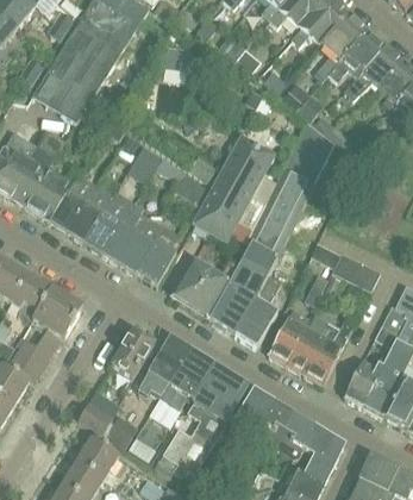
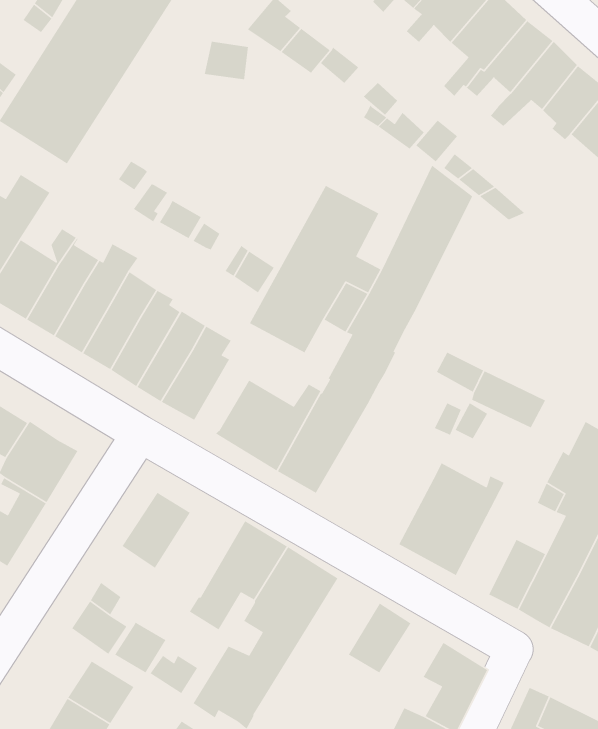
building: [233,274,280,344] -> none
building: [268,308,309,363] -> none
building: [137,336,188,396] -> none
building: [232,387,274,433] -> none
building: [274,413,314,458] -> none

